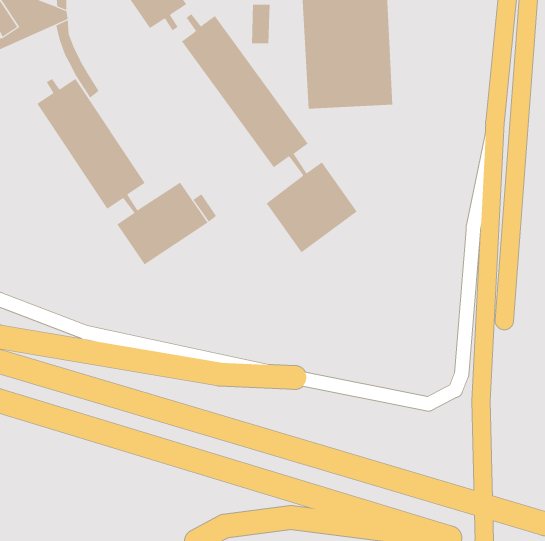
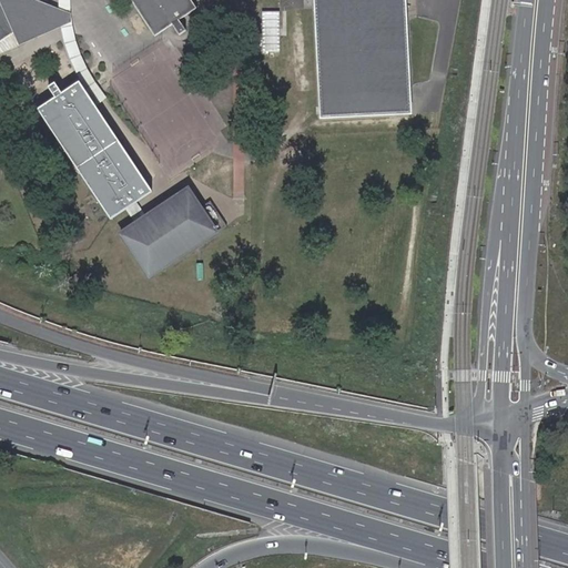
building: [181,13,357,253] -> none

